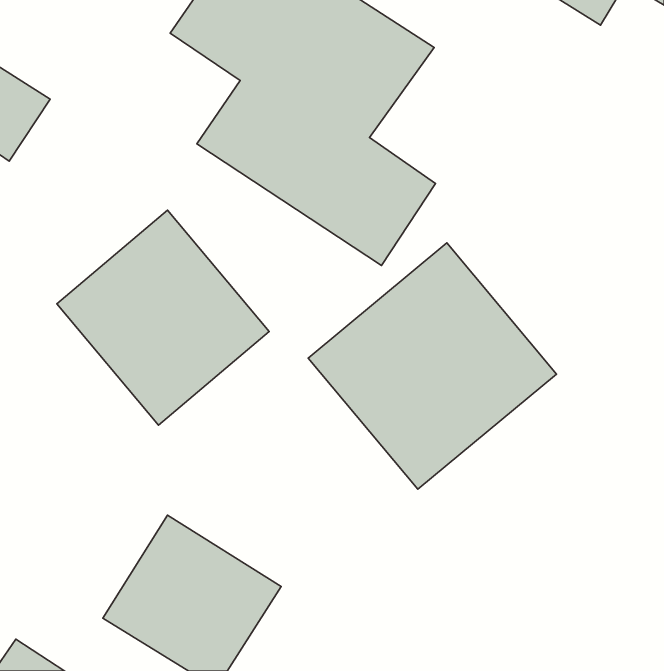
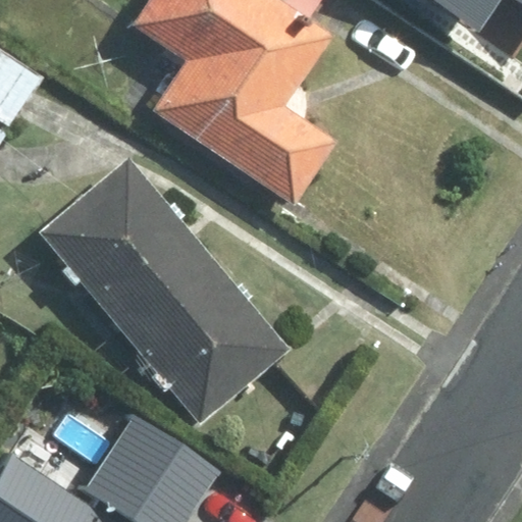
building: [308,243,556,489] -> none
building: none -> [122,256,286,422]

